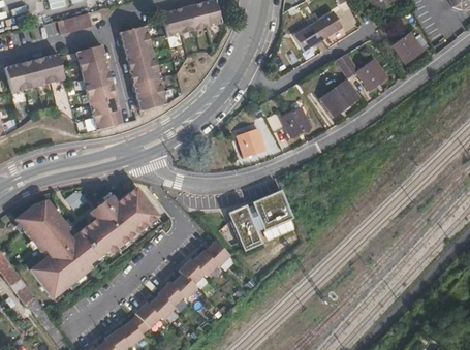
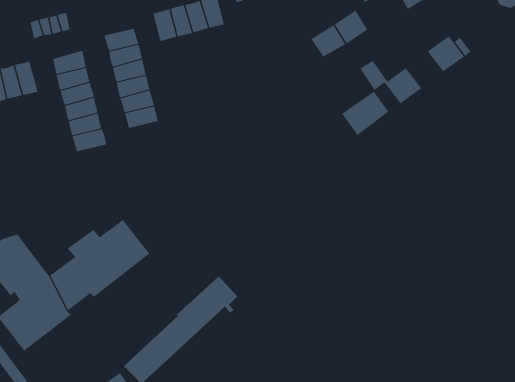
building: [268,106,312,137] -> none
building: [237,128,265,157] -> none
building: [227,194,292,254] -> none

